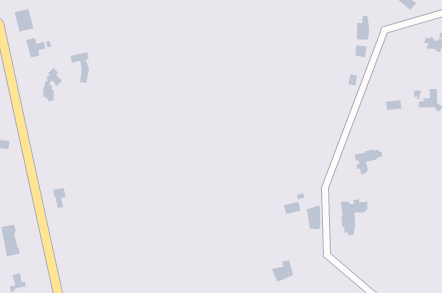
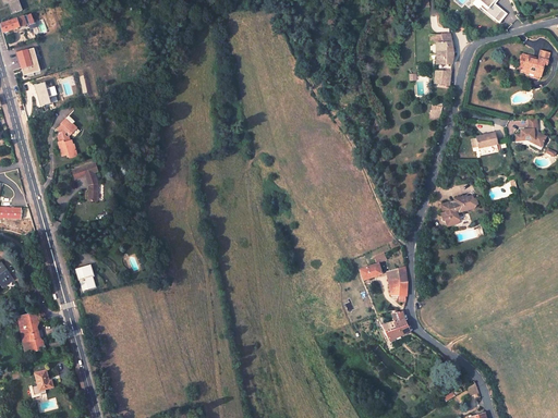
building: [70,52,90,83] -> [75,164,100,202]
building: [340,198,368,236] -> none
building: [271,260,294,282] -> [379,314,408,342]

